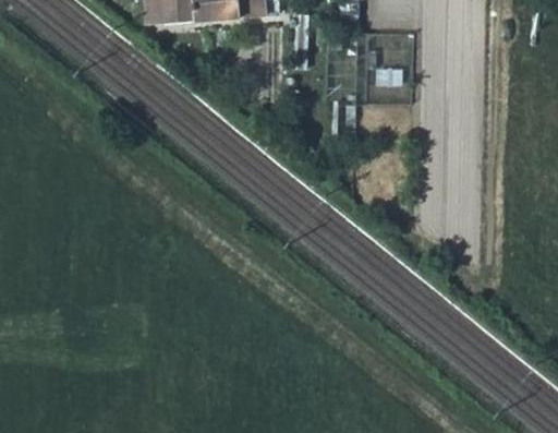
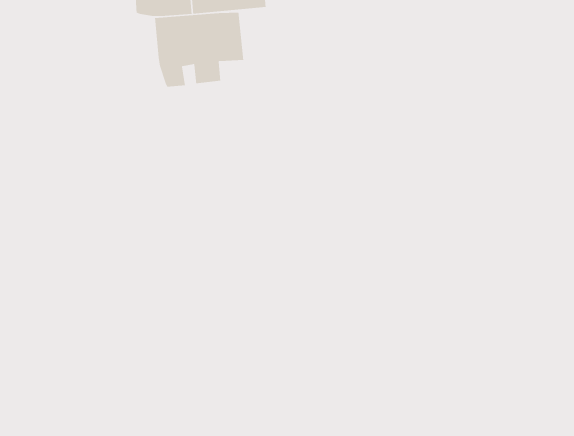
building: none -> [154,12,244,88]

